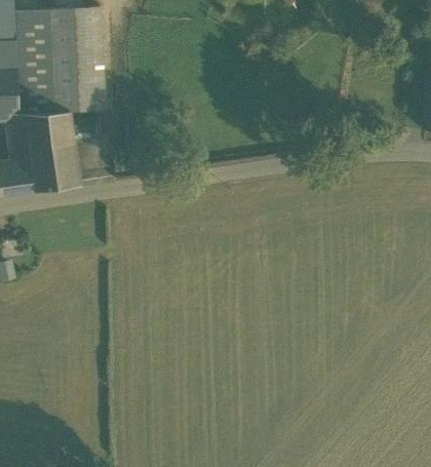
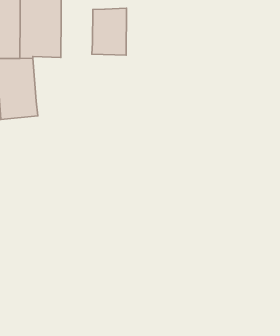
building: none -> [92,8,126,55]

